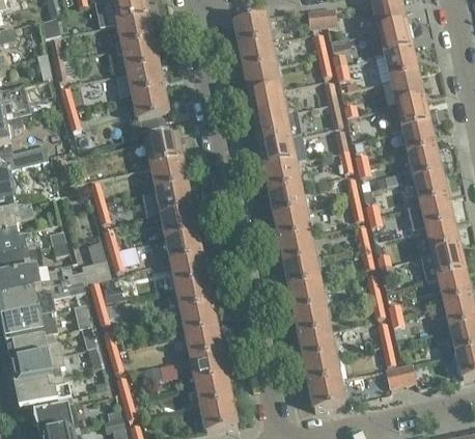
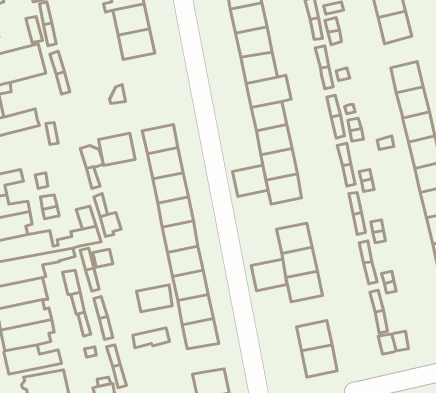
building: [390,71,422,102] -> none
building: [132,87,168,118] -> none
building: [145,132,181,164] -> [98,133,135,166]
building: [278,230,313,262] -> [232,165,268,197]
building: none -> [137,285,172,312]
building: [298,327,333,358] -> [251,259,287,291]
building: [195,375,231,405] -> none

